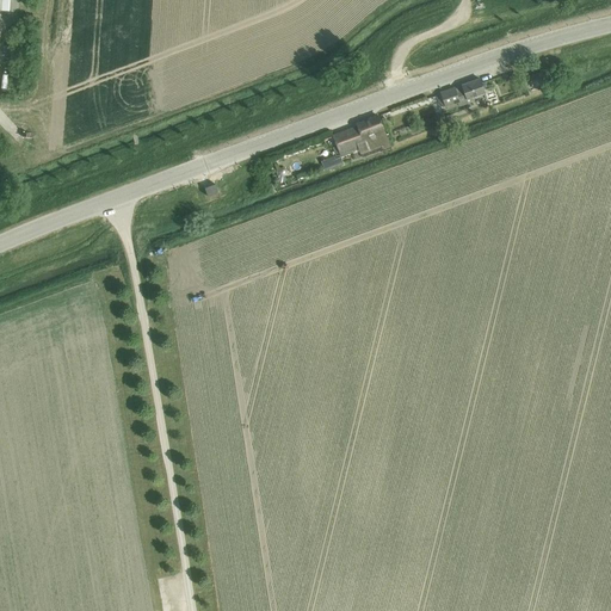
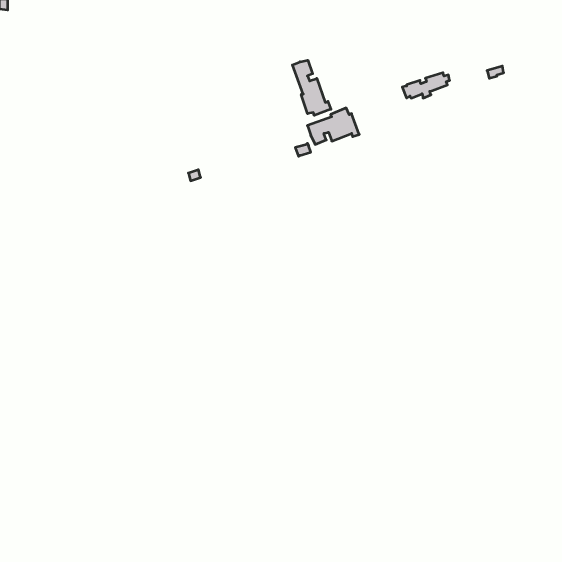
building: none -> [292,60,331,115]

